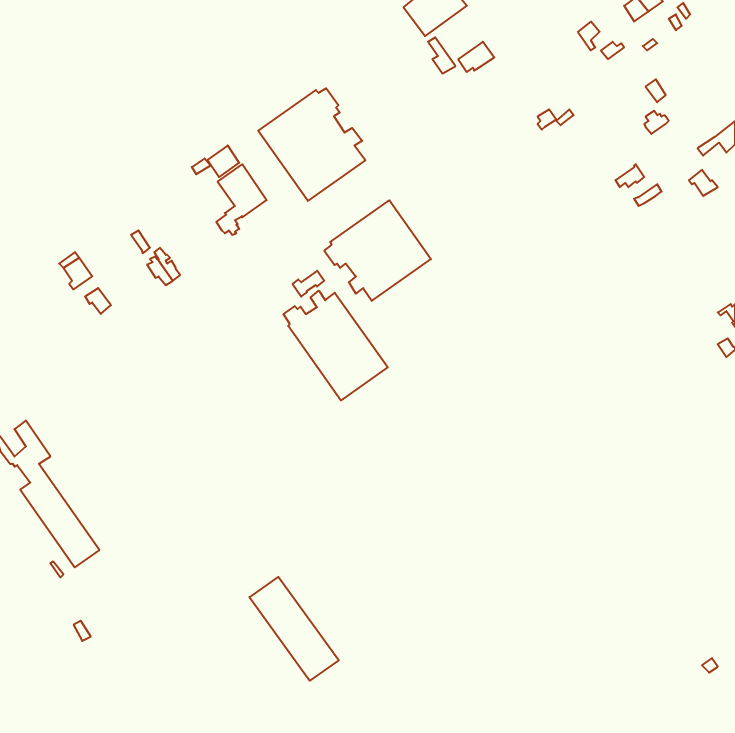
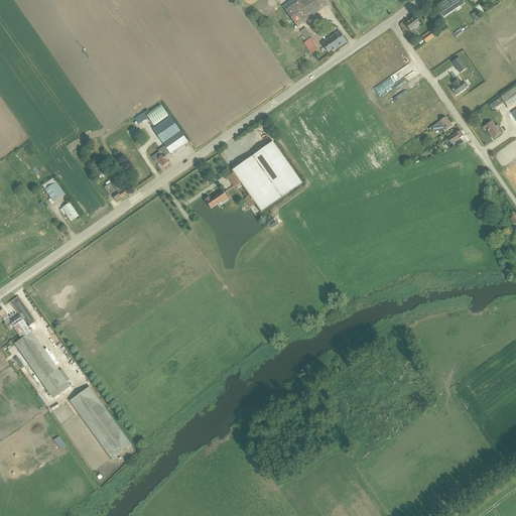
building: [258,88,365,201] -> none
building: [283,291,388,400] -> none
building: [249,577,339,681] -> [69,385,131,458]

